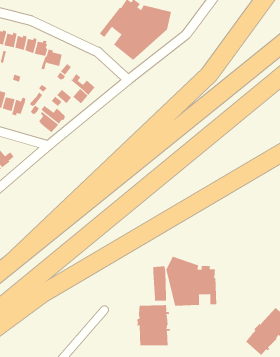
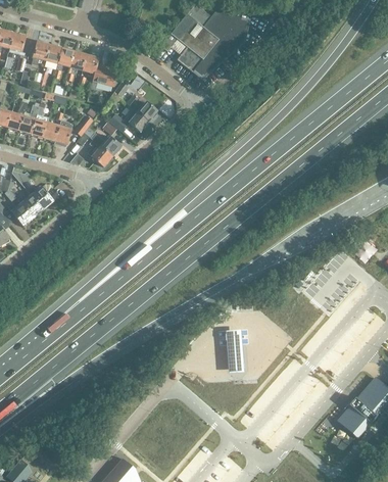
building: [166,256,217,307] -> none
building: [137,304,171,346] -> none

